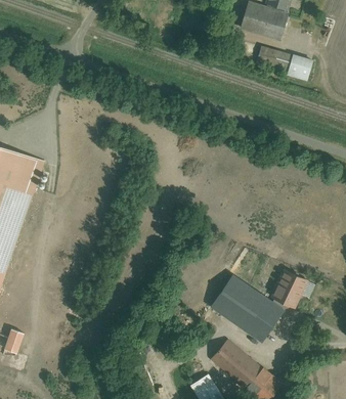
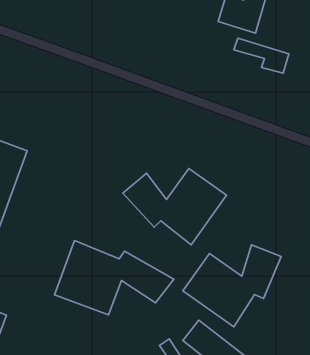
building: none -> [123,169,226,245]
building: none -> [55,240,174,315]

